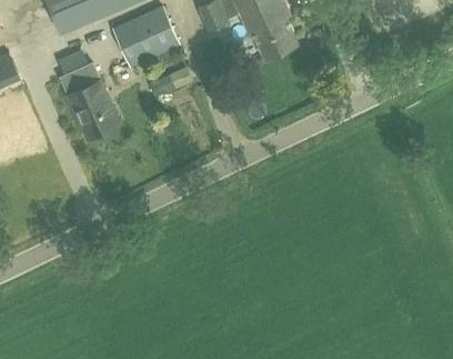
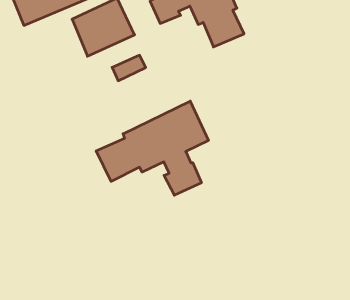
building: [60,62,120,139] -> none
building: none -> [96,101,208,195]

